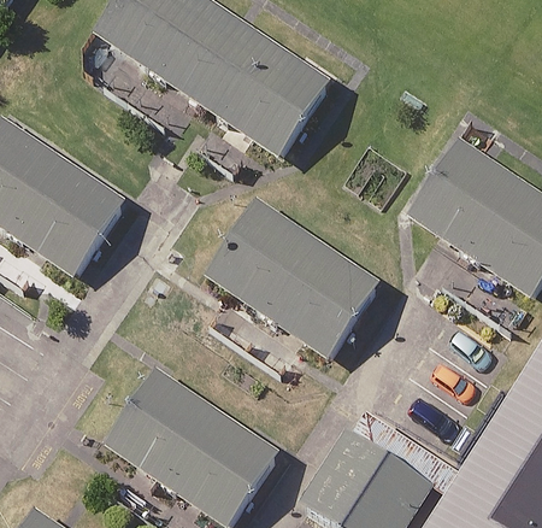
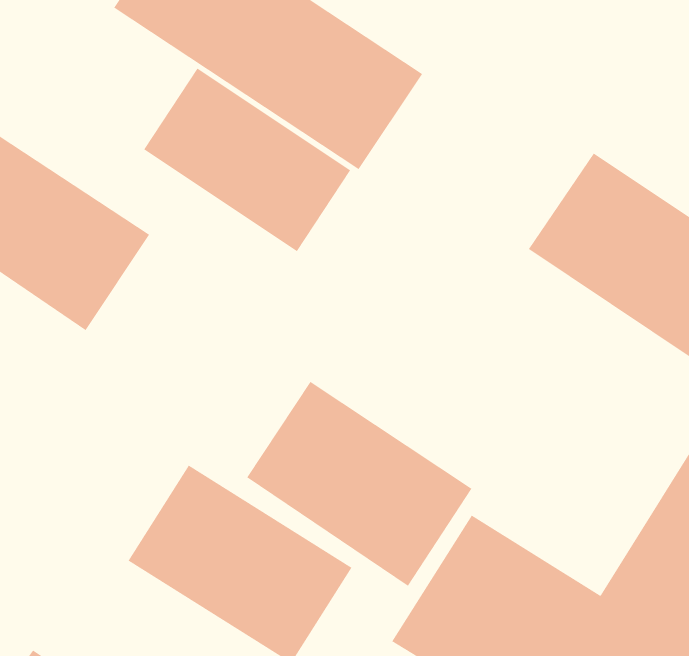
building: none -> [143,68,351,252]
building: [207,201,377,356] -> [246,381,473,587]

